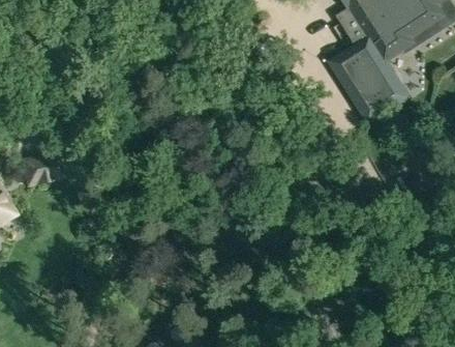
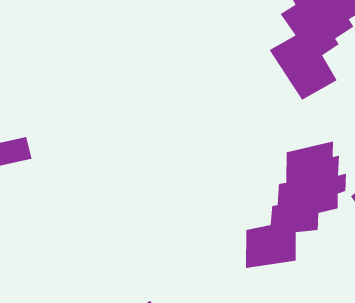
building: none -> [245,141,347,269]

